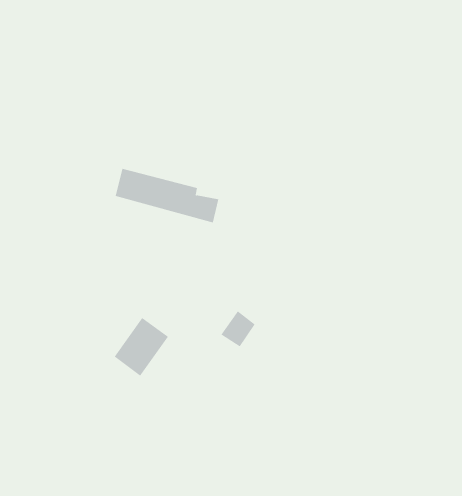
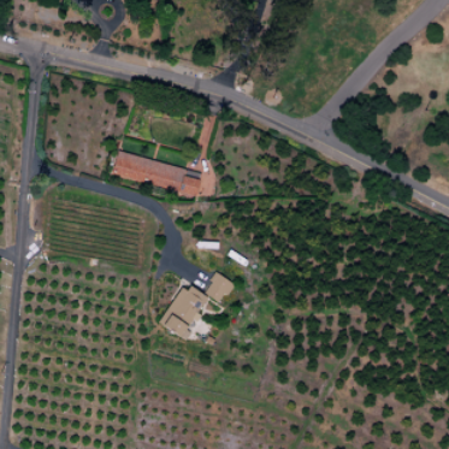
building: [114,317,169,376] -> [160,286,207,337]

